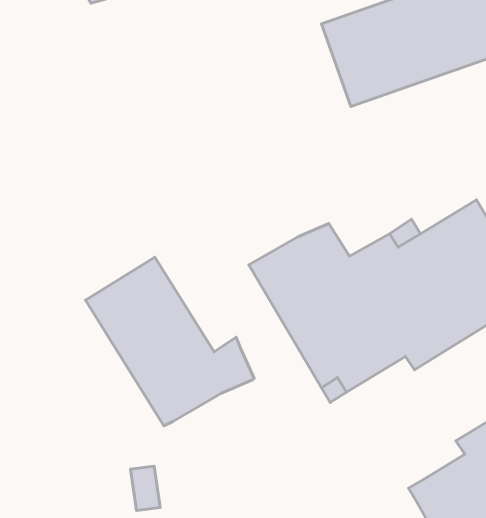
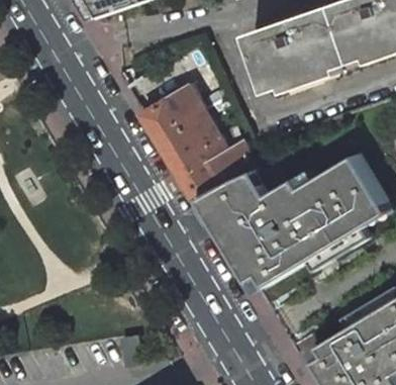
building: [85,257,254,426] -> [139,86,255,201]

